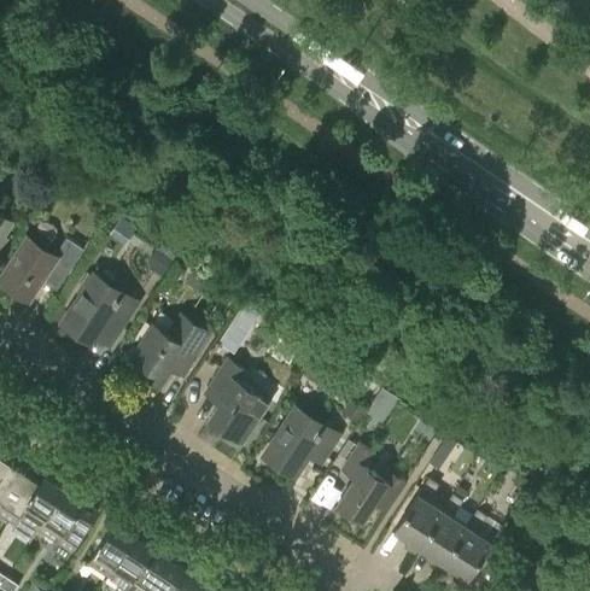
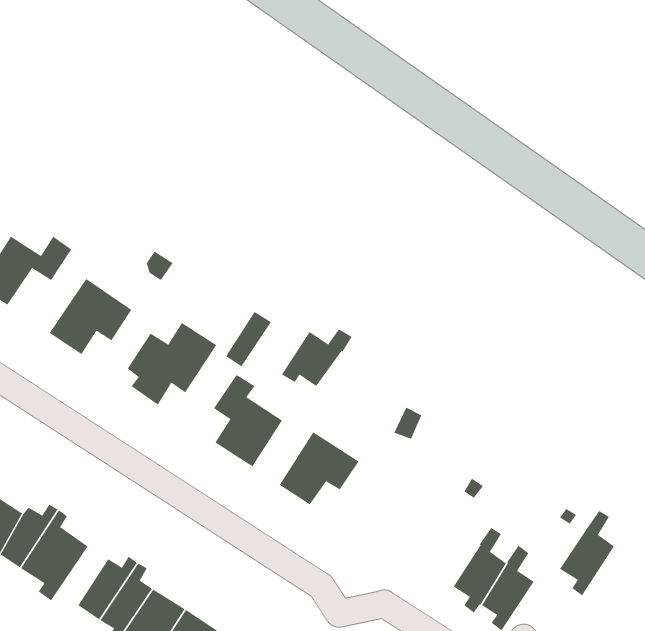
building: none -> [281,329,352,387]
building: [337,446,403,523] -> none
building: [392,481,442,557] -> [559,510,615,596]

